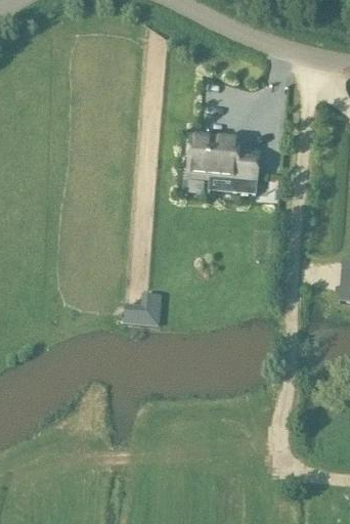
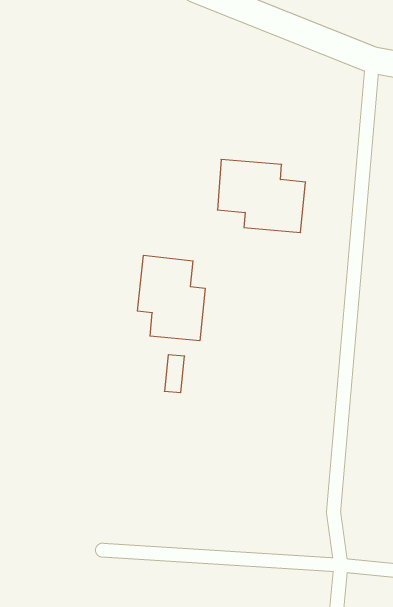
building: none -> [137,255,205,341]

